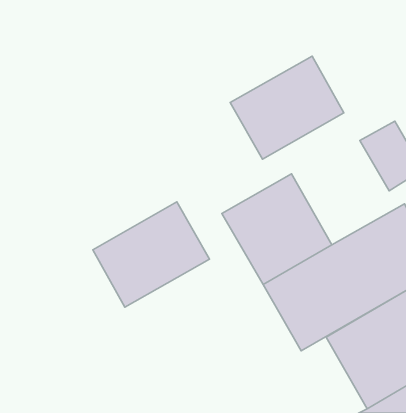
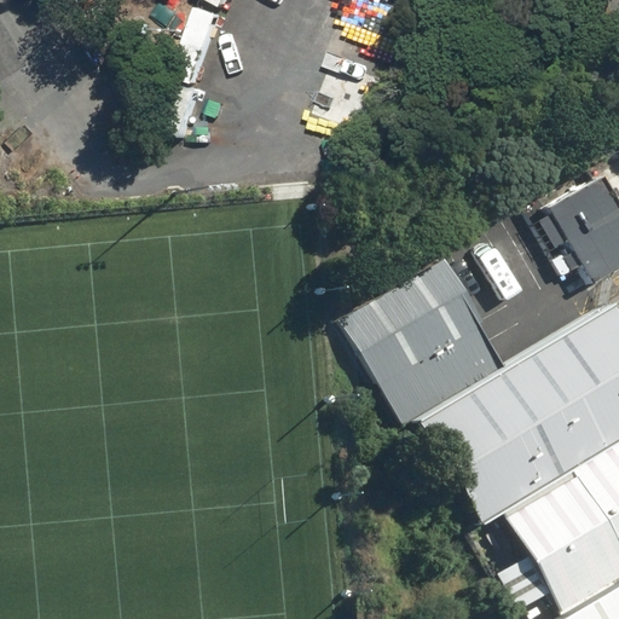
building: [230,56,344,159] -> none
building: [93,202,210,307] -> none

